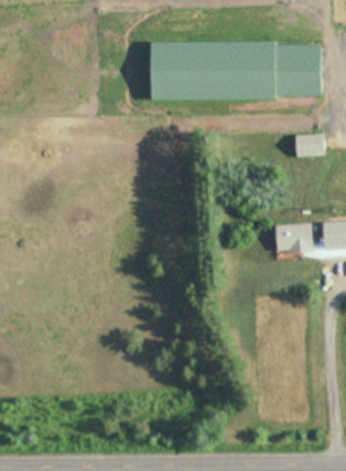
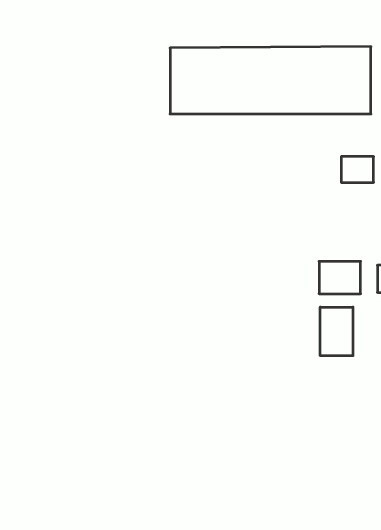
building: none -> [320,307,353,356]

